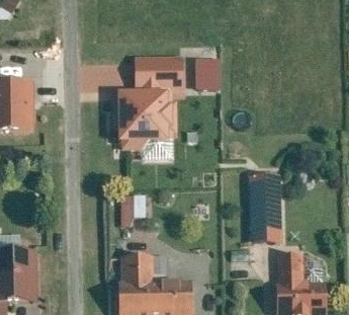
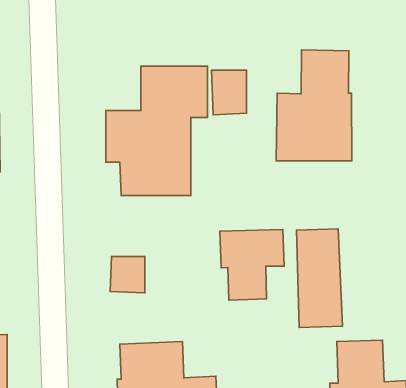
building: none -> [276,50,352,161]
building: none -> [220,229,284,300]

